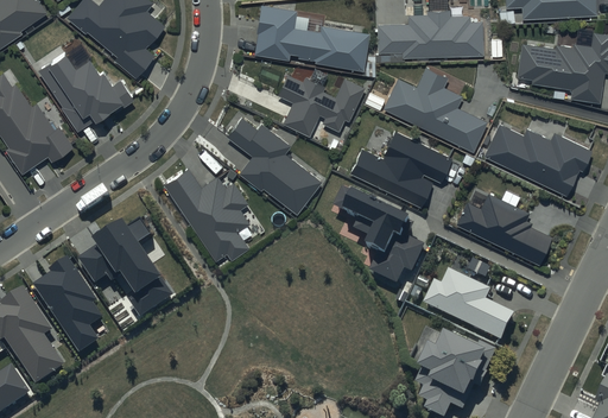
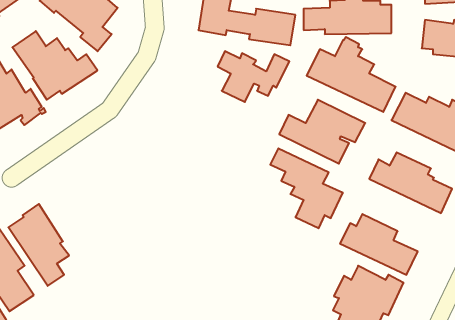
building: [229,121,321,214] -> none
building: [165,170,248,259] -> none
building: [78,217,173,318] -> none

